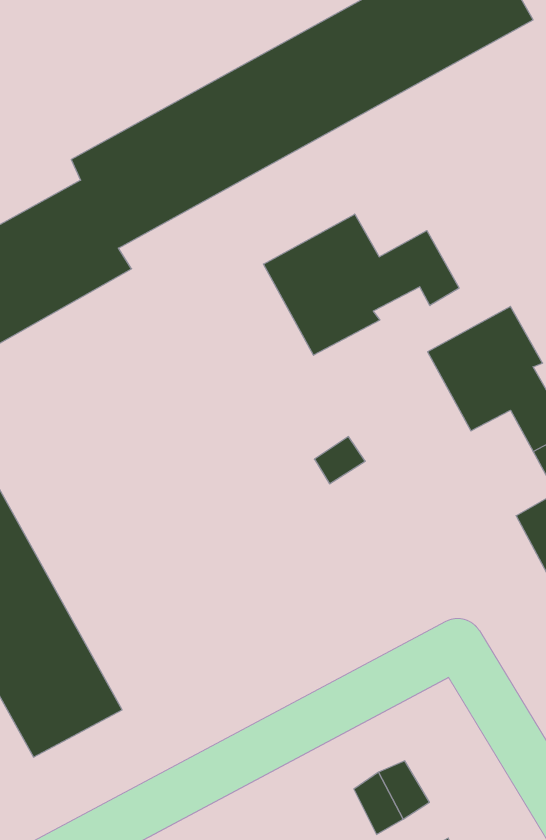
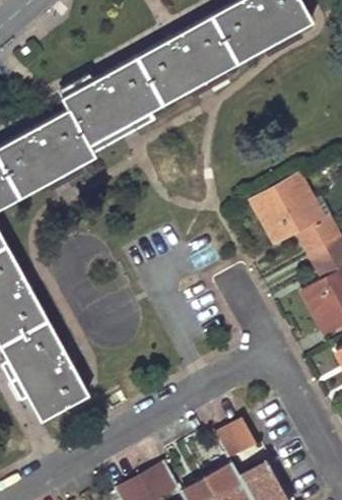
building: [263,214,459,355] -> none

